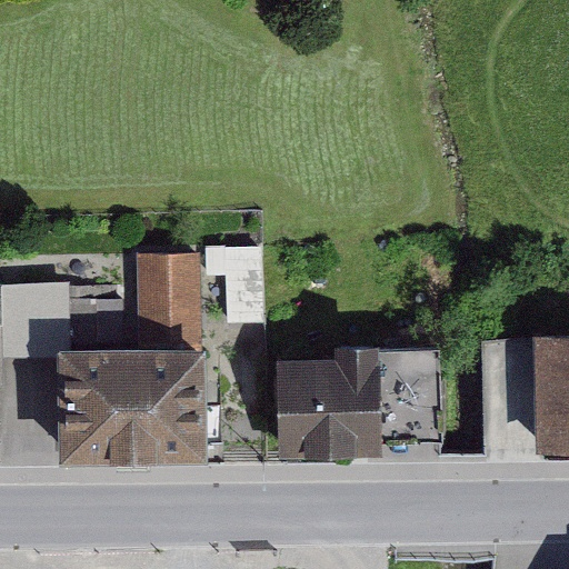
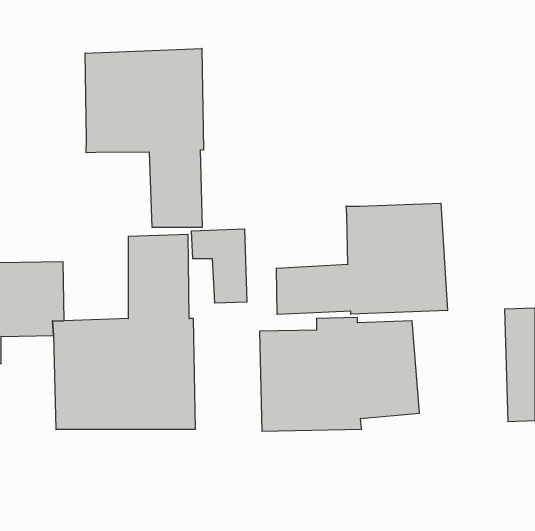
building: none -> [85,48,204,227]
building: none -> [276,203,447,314]

